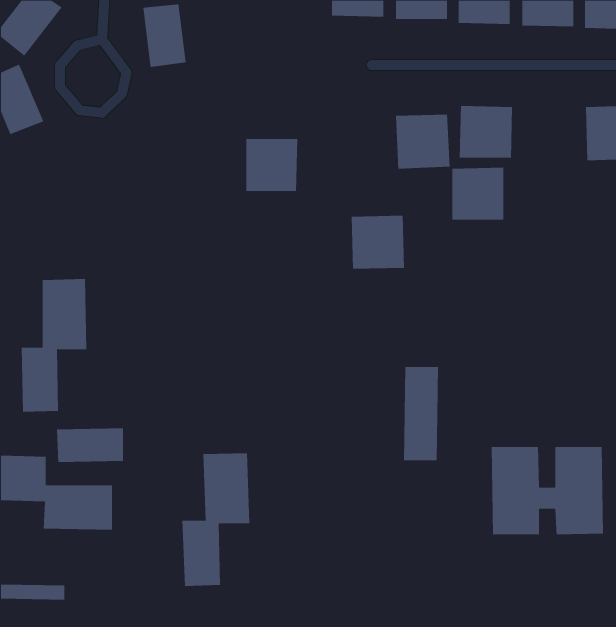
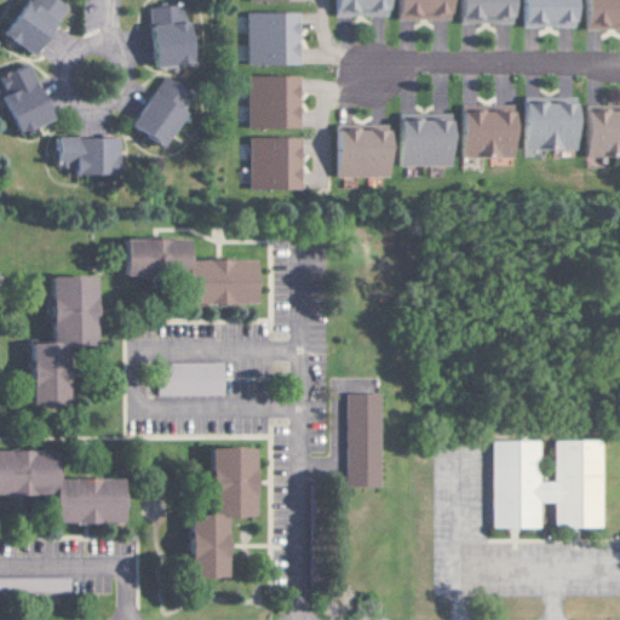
building: none -> [252,12,304,64]
building: none -> [134,75,197,147]
building: none -> [251,75,304,128]
building: none -> [59,137,120,174]
building: [451,167,504,220] -> [527,97,579,149]
building: [351,215,405,269] -> [339,124,392,177]
building: none -> [125,239,254,304]
building: [403,366,439,461] -> [350,394,385,487]
building: [56,428,124,462] -> [162,362,229,396]

